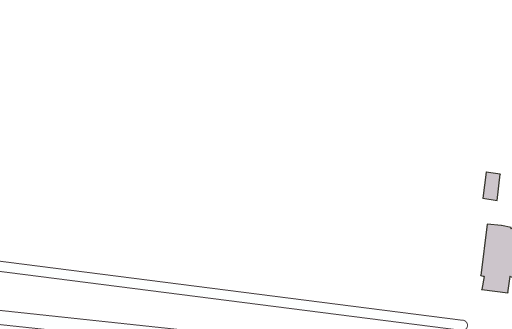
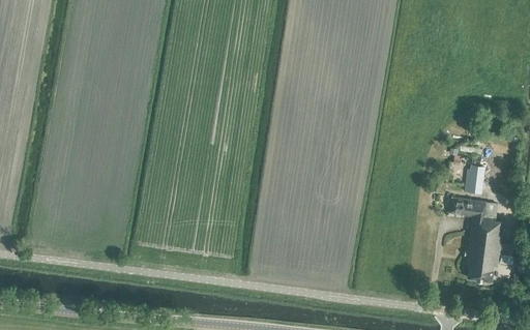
building: none -> [450,199,487,217]

